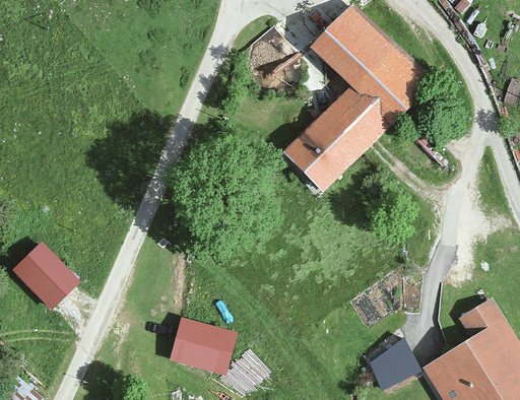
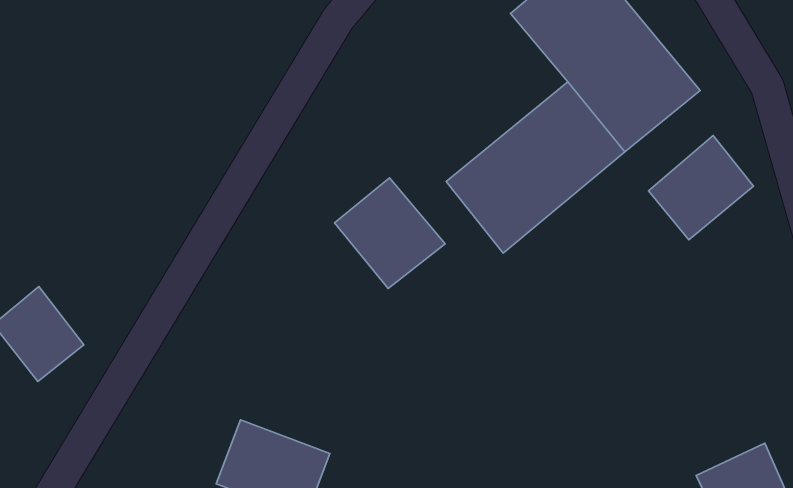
building: none -> [648,136,753,240]
building: none -> [335,178,445,289]

